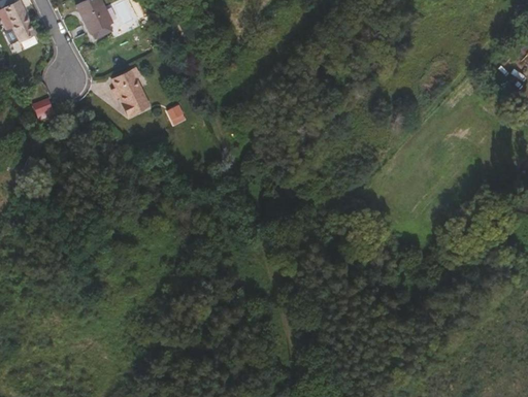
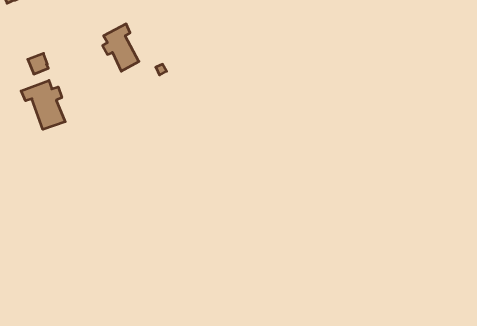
building: none -> [21,80,65,129]

